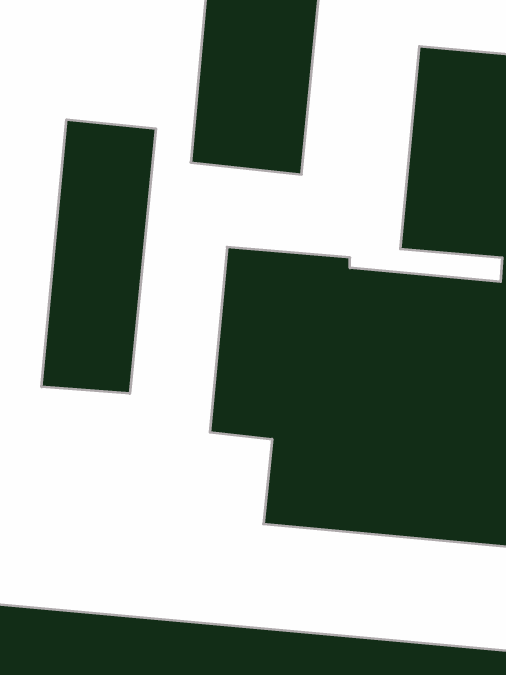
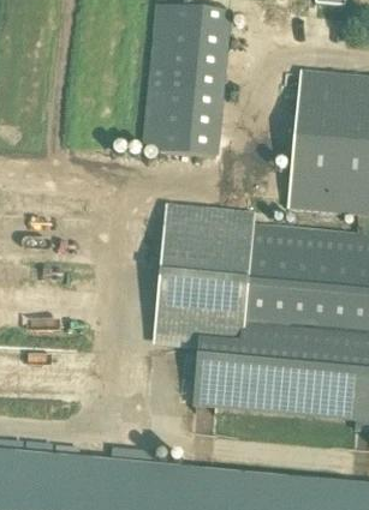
building: [42,120,156,394] -> none

